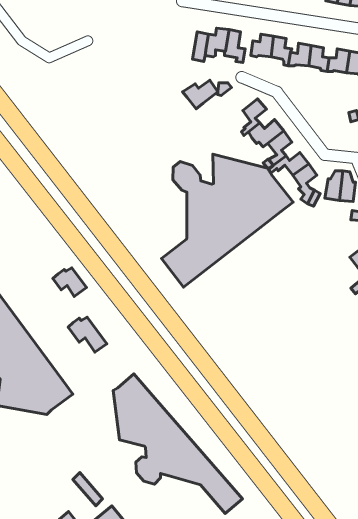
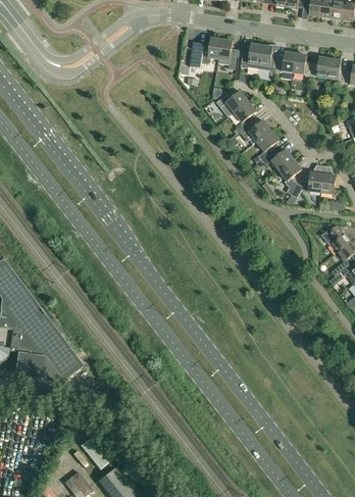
building: [183,80,218,109] -> [215,91,247,116]
building: [161,154,293,287] -> none
building: [53,268,86,296] -> none
building: [68,317,107,352] -> none
building: [113,374,242,513] -> none

